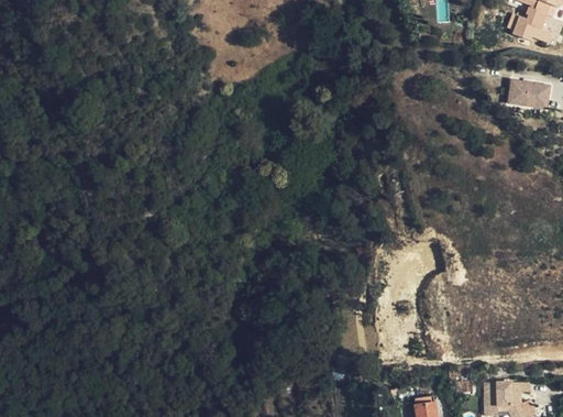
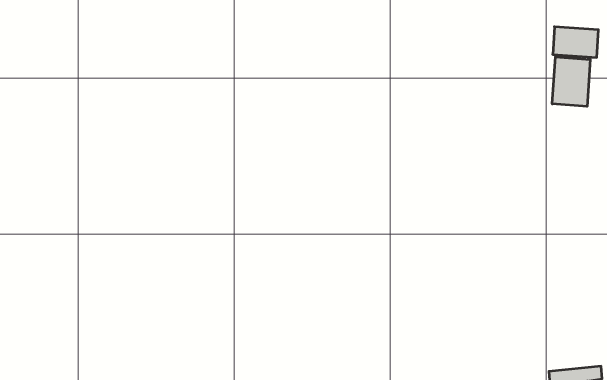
building: none -> [552,57,590,106]

